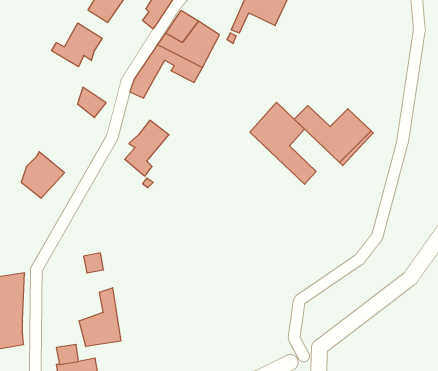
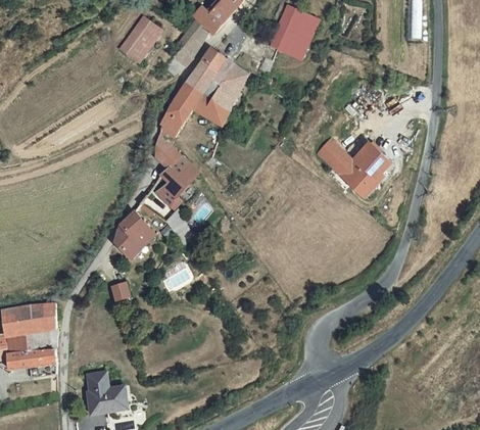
building: [52,23,102,67] -> none
building: [78,87,106,118] -> [151,139,179,169]
building: [250,102,316,184] -> none
building: [21,152,64,198] -> [113,210,155,255]
building: [79,288,121,347] -> none

